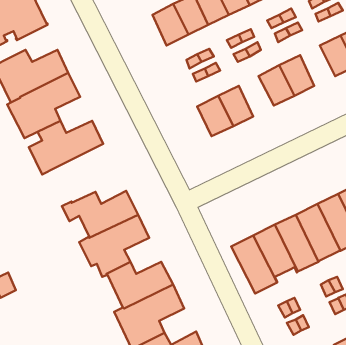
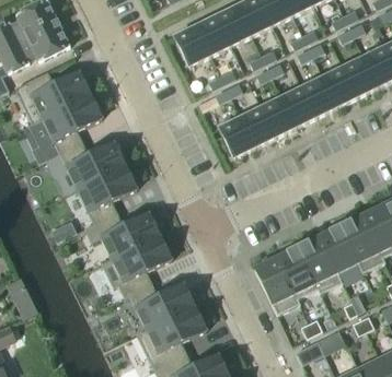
building: none -> [322,66,357,106]
building: none -> [261,96,296,137]
building: none -> [77,164,137,223]

